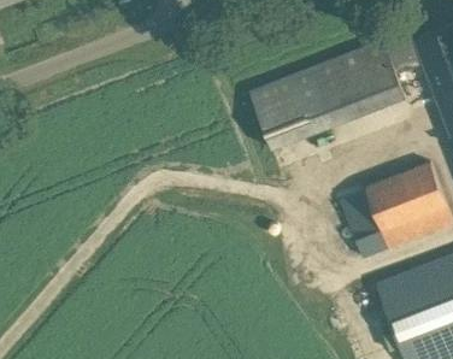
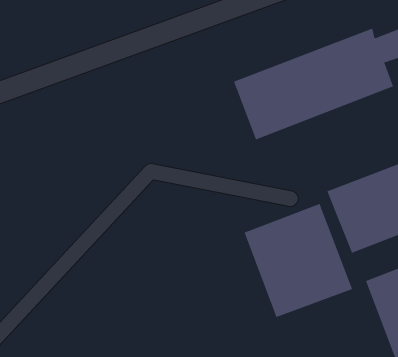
building: none -> [244,203,353,318]

